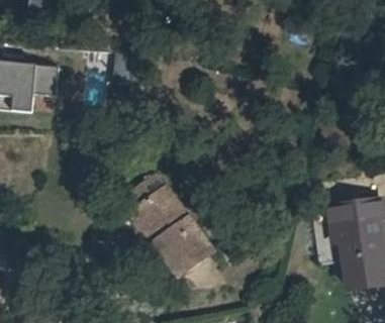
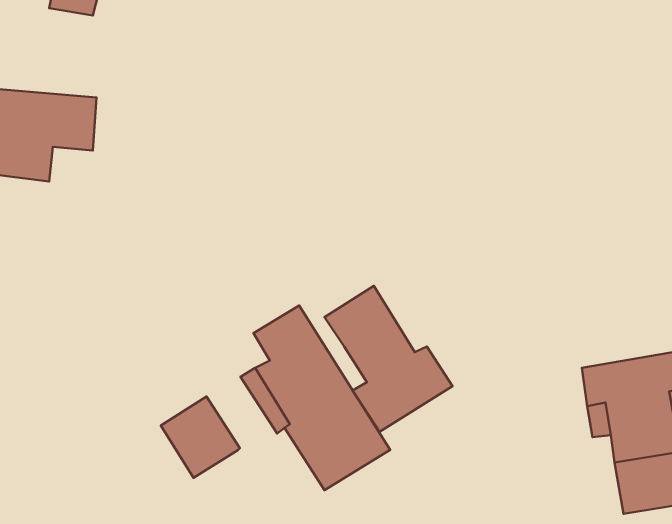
building: none -> [325,286,452,432]
building: none -> [161,397,240,478]

